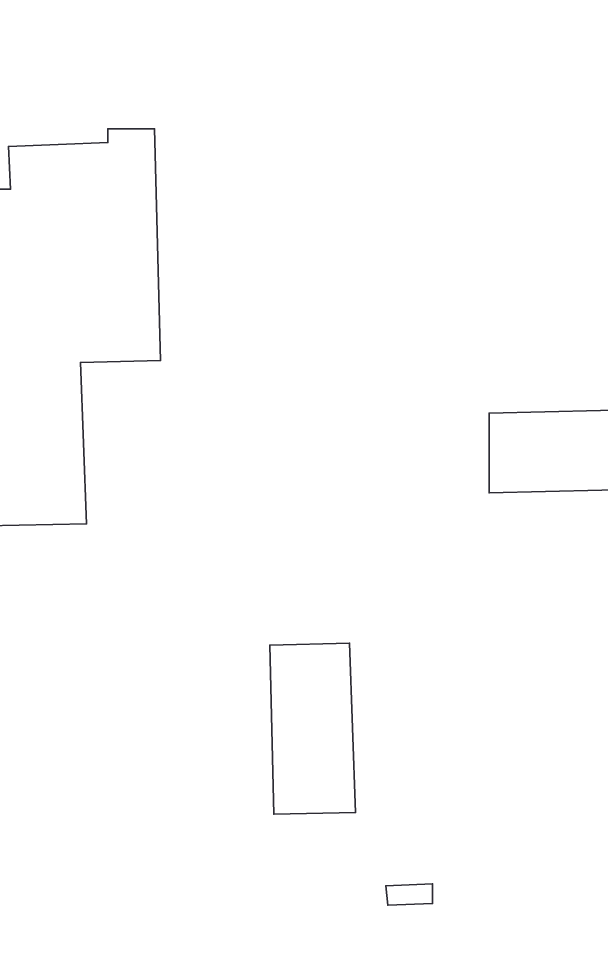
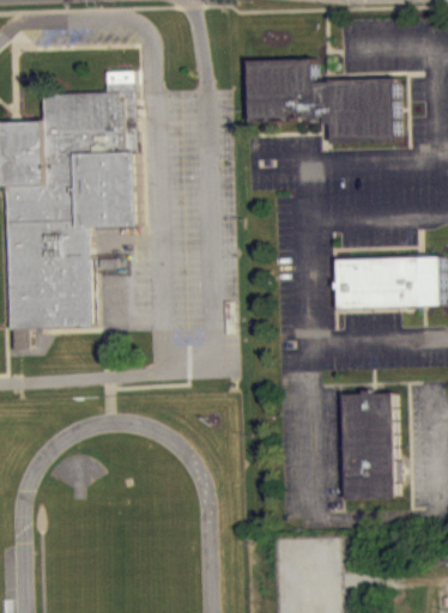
building: none -> [248,57,396,142]
building: [270,643,355,814] -> [344,393,396,498]

